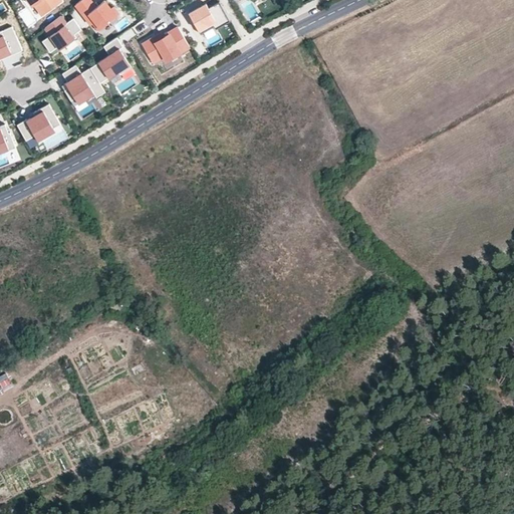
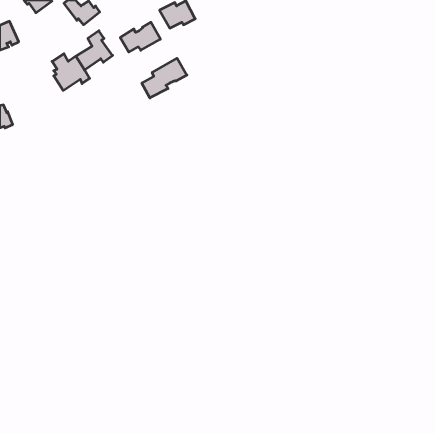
building: [41,17,80,53] -> none
building: none -> [142,58,187,98]
building: [16,105,60,143] -> none

